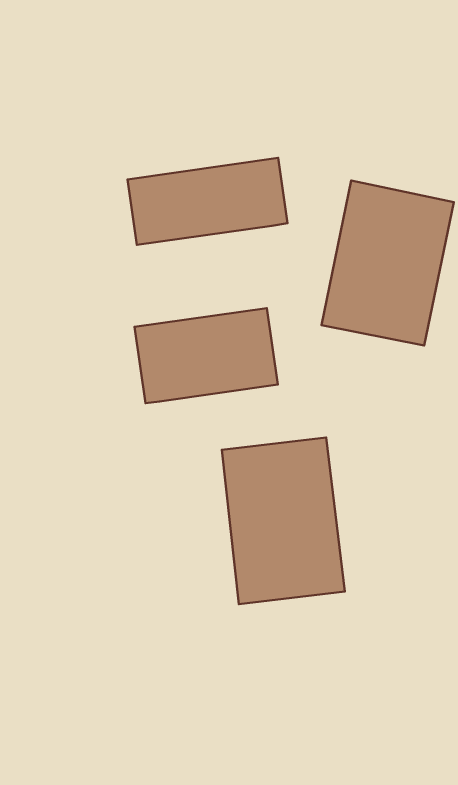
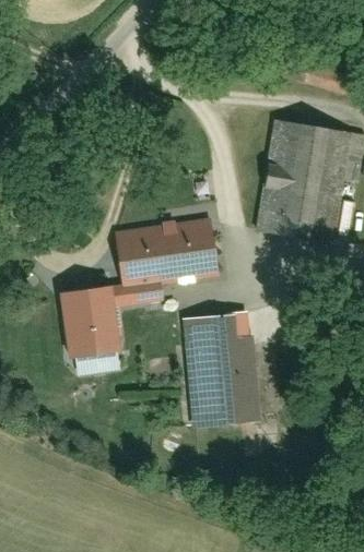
building: [127,158,288,245] -> none
building: none -> [68,281,141,352]

